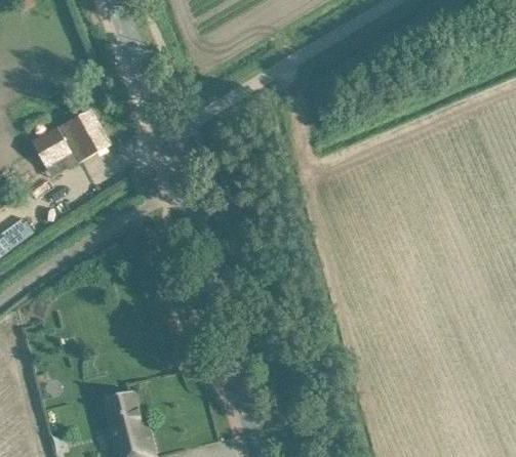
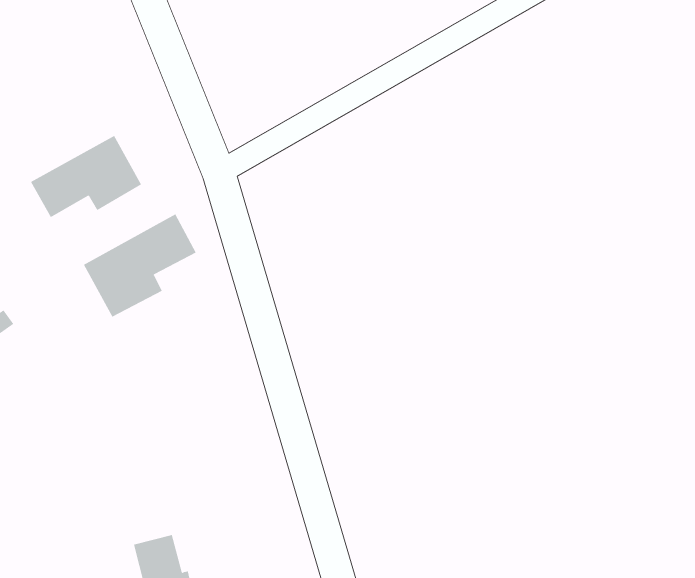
building: none -> [83,214,197,317]

